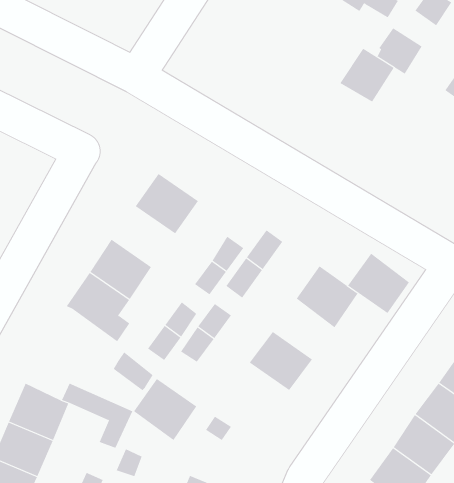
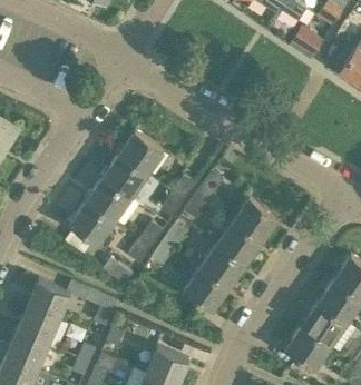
building: [340,48,394,103] -> none
building: none -> [101,154,147,197]
building: [347,253,410,314] -> [216,219,261,263]
building: [133,378,197,441] -> [183,265,228,309]

